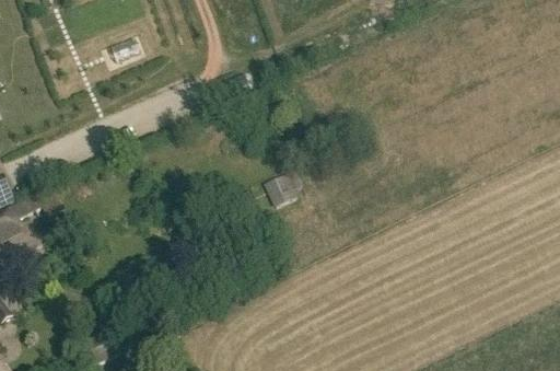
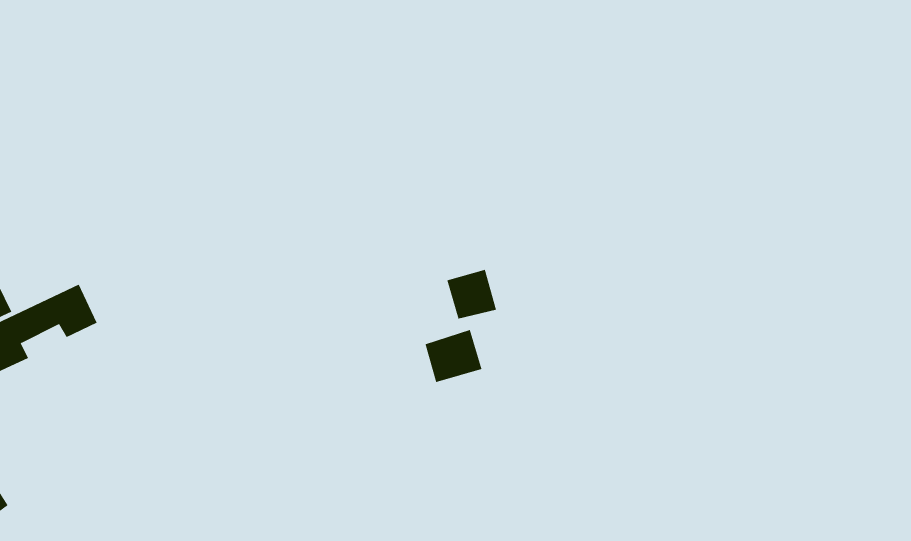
building: none -> [425,329,482,383]

